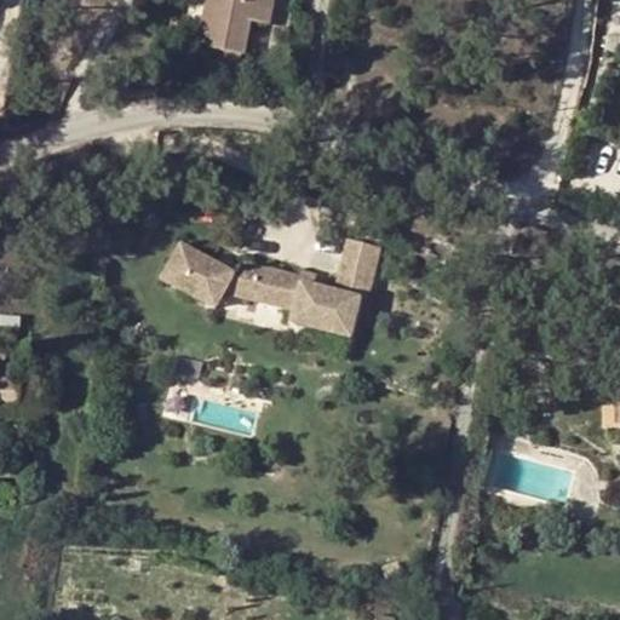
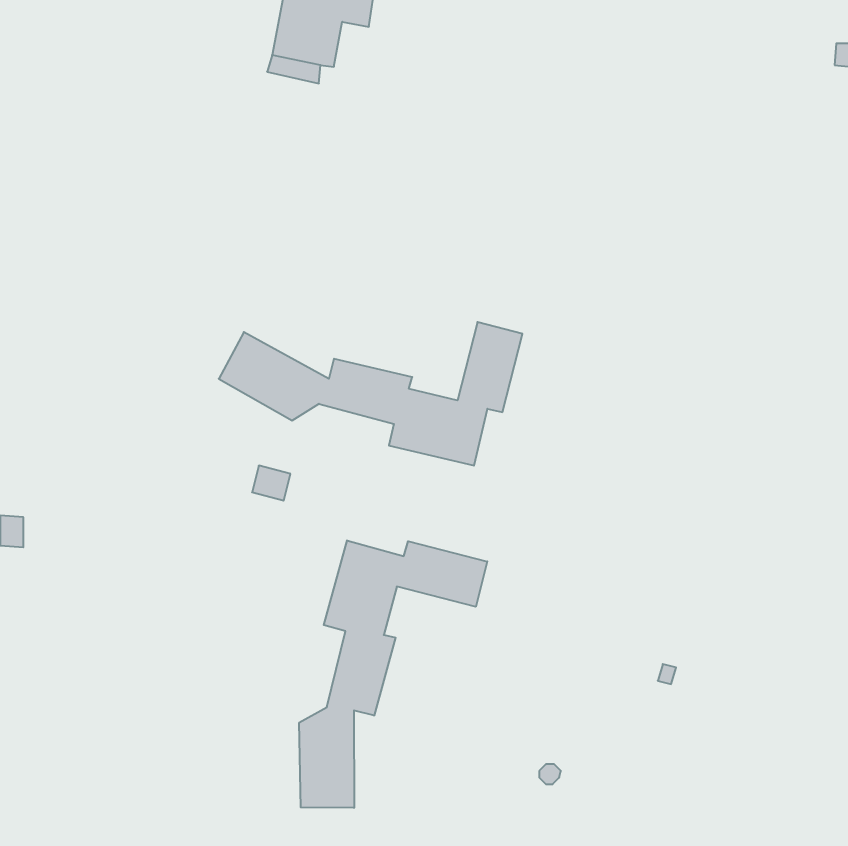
building: none -> [299,540,487,808]

